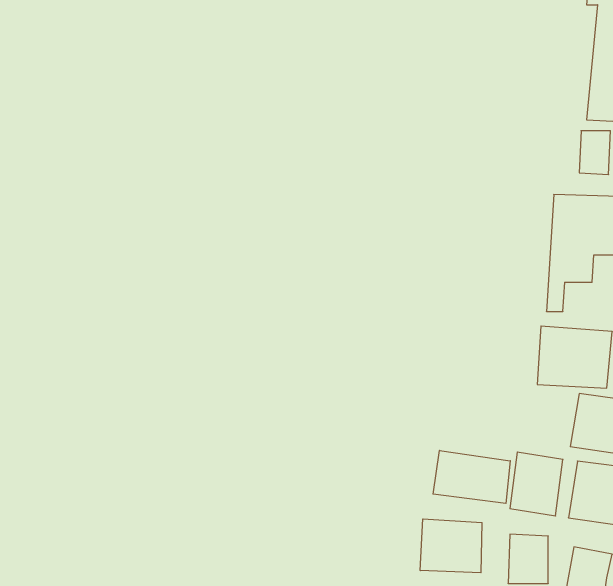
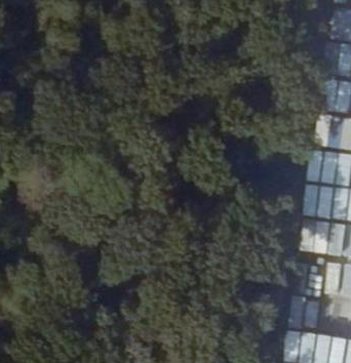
building: [433,450,510,503] -> none
building: [420,519,482,573] -> none

